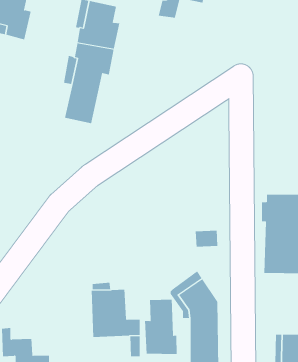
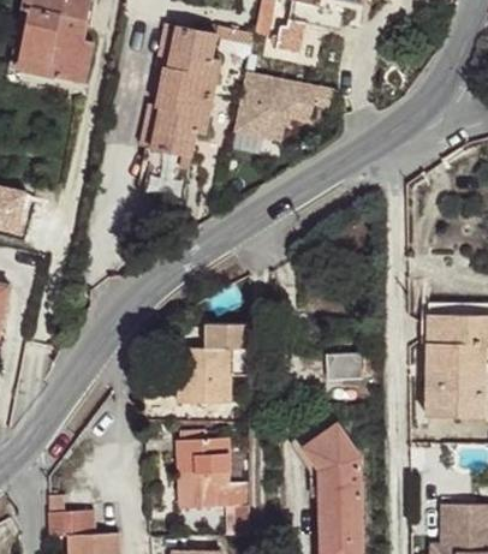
building: none -> [232,71,333,139]
building: none -> [178,323,249,404]
building: [145,299,177,355] -> none

